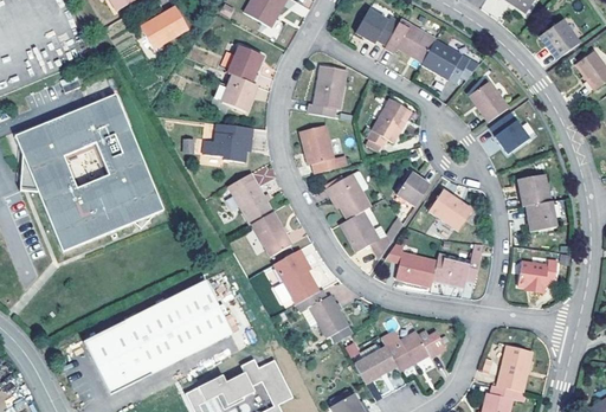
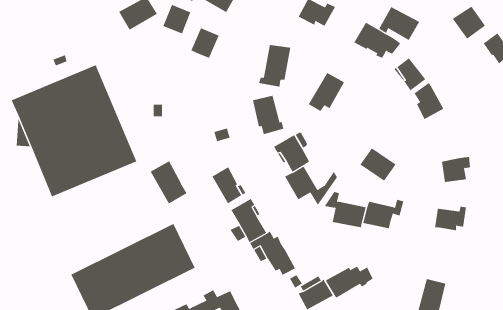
building: [386,20,436,62] -> [378,6,420,41]
building: [221,76,256,111] -> [162,4,191,34]
building: [202,123,251,161] -> none
building: [227,173,272,225] -> [150,160,187,204]
building: [397,173,430,207] -> none
building: [517,174,549,206] -> none

